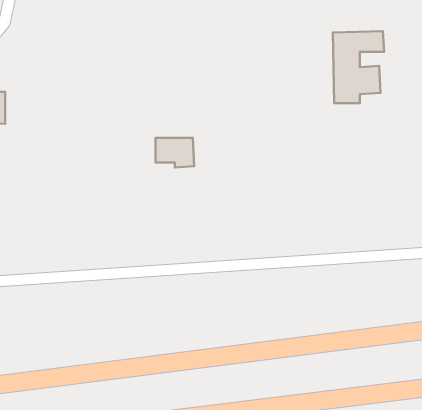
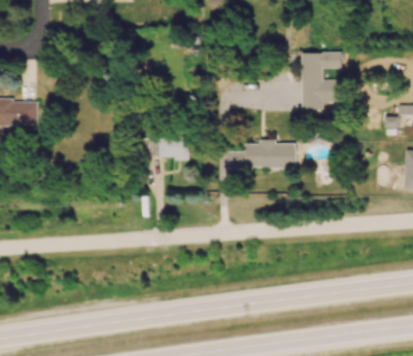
building: none -> [229,140,296,173]

